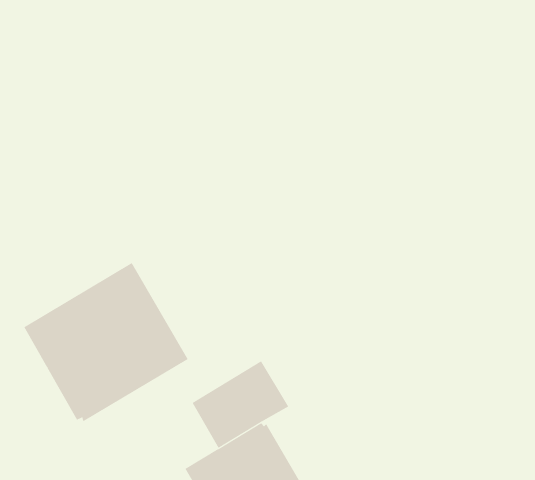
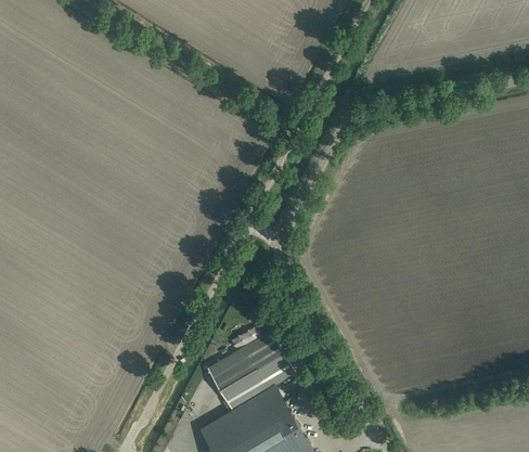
building: [23,262,189,422] -> none

